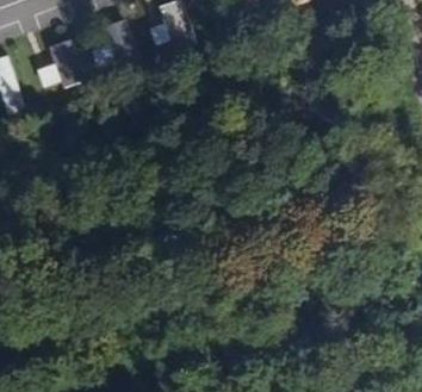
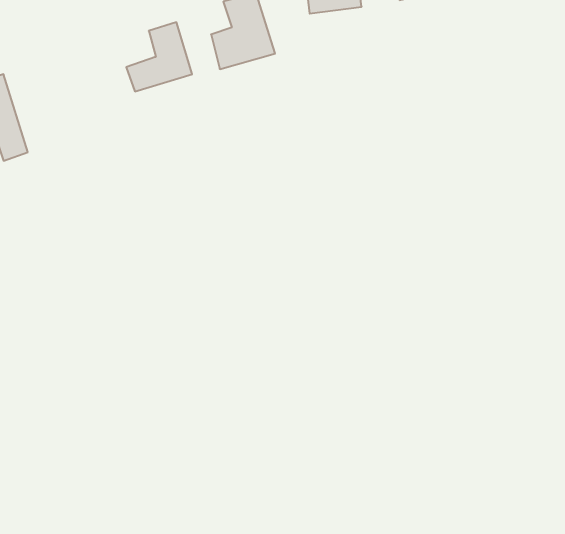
building: [38,38,83,88] -> none

